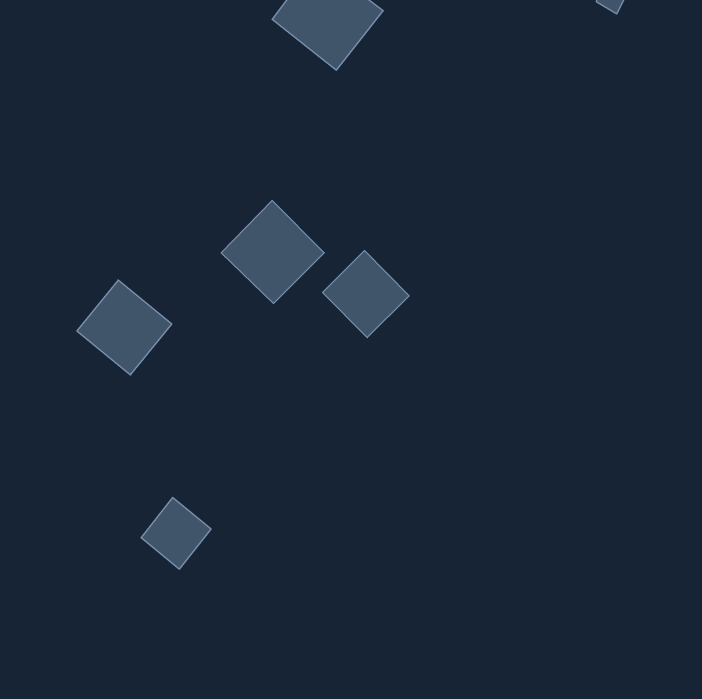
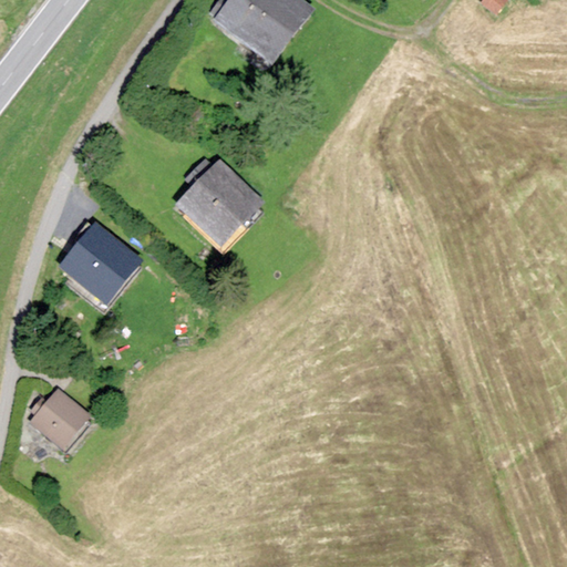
building: [323,251,409,338] -> none
building: [141,498,211,569] -> [32,389,89,446]

